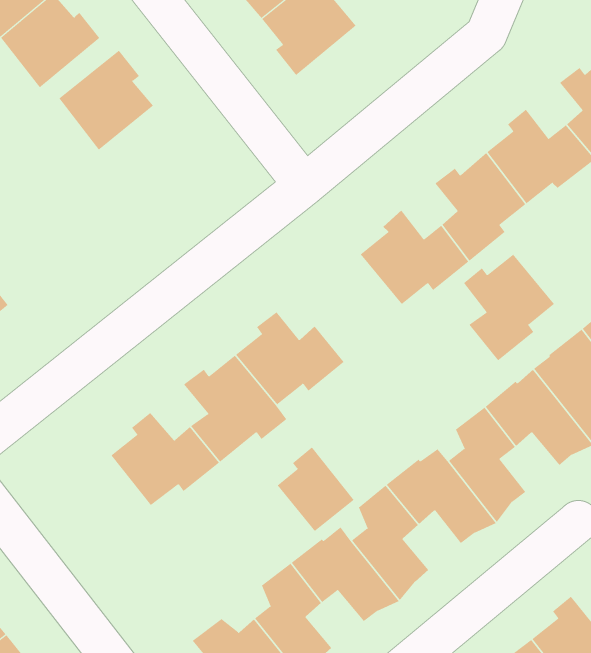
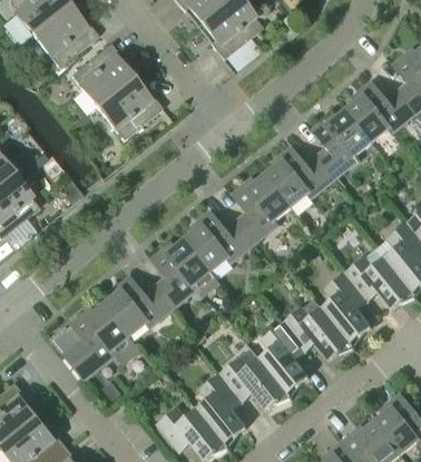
building: none -> [96,78,161,139]
building: [463,254,555,361] -> [232,174,291,243]
building: [277,447,354,532] -> none
building: none -> [51,303,141,379]

